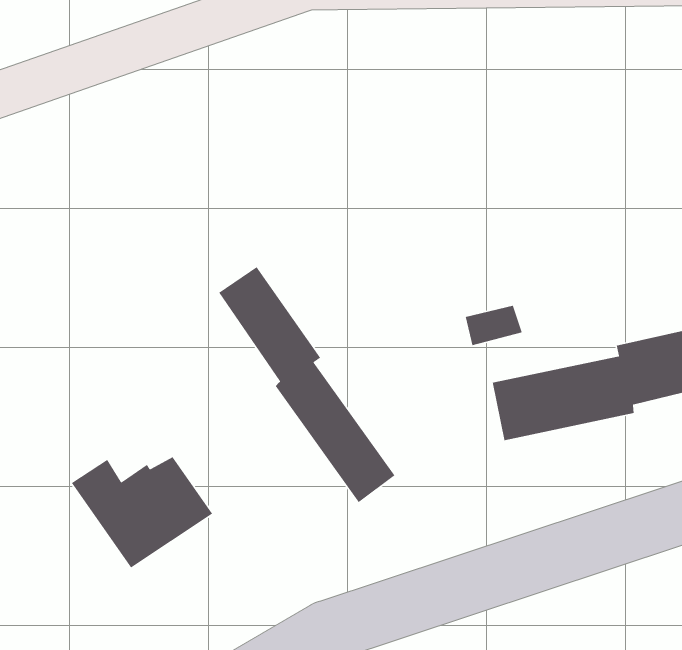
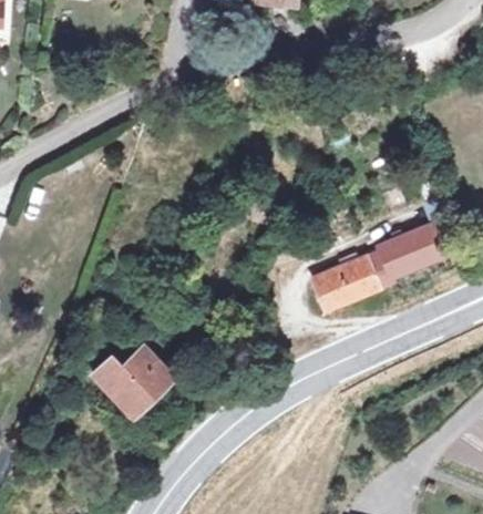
building: [218,266,395,503] -> none

